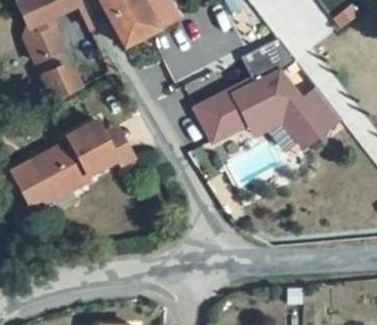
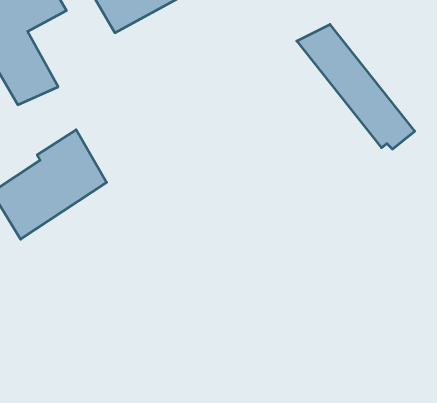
building: [198,49,319,140] -> none

